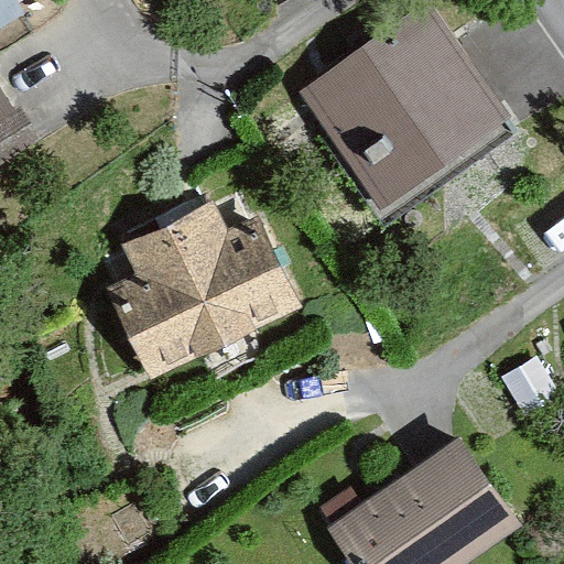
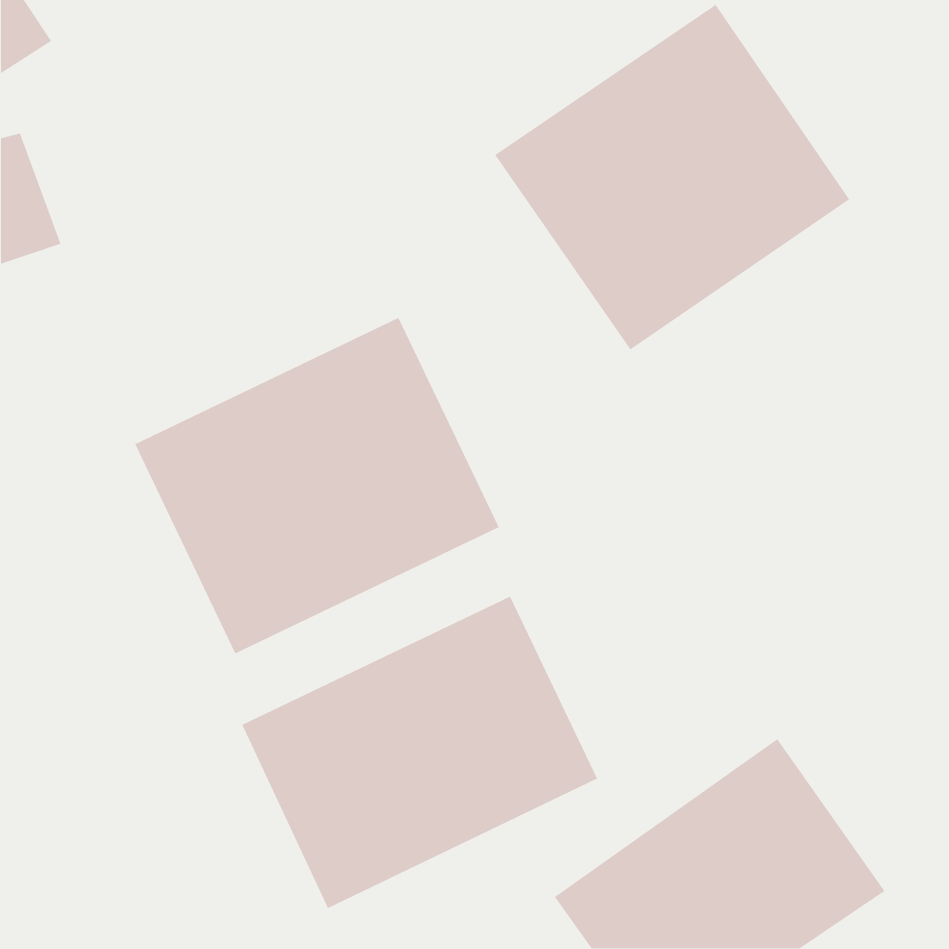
building: none -> [241,596,598,909]

